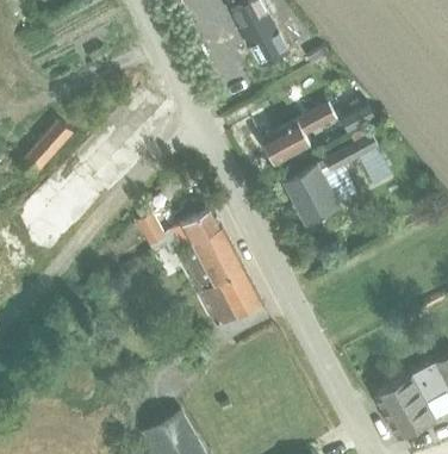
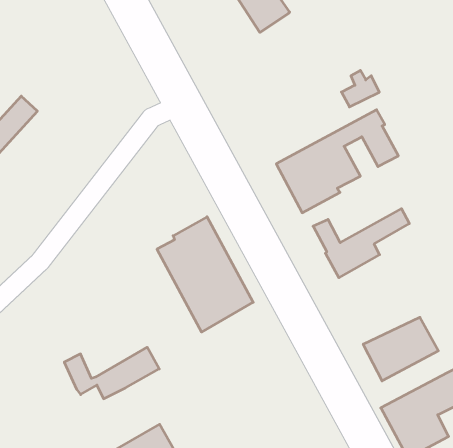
building: [251,105,336,166] -> [313,209,409,278]
building: [138,210,222,255] -> [64,347,159,399]
building: none -> [363,317,438,381]

